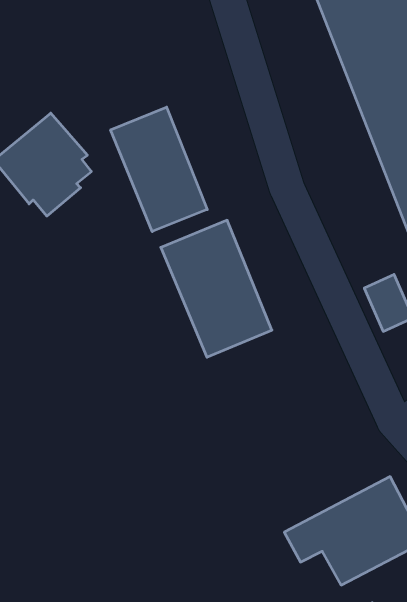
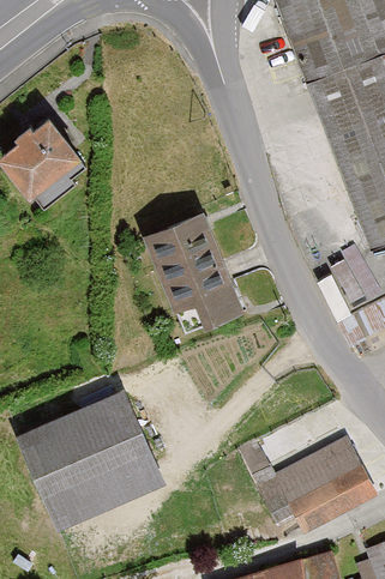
building: [111,107,207,232] -> none
building: none -> [16,388,166,527]

